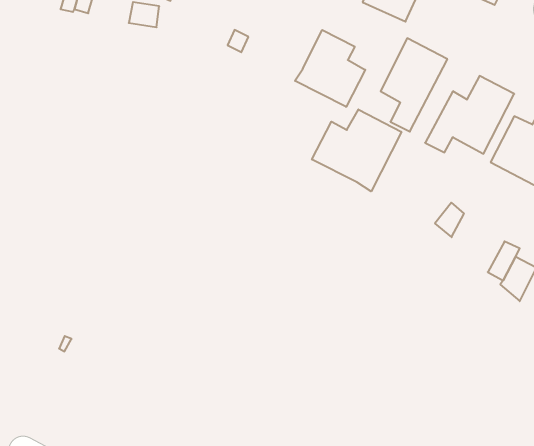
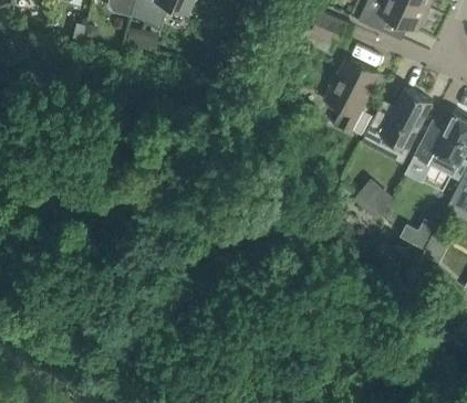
building: [295,30,365,107] -> none
building: [312,109,401,191] -> none

